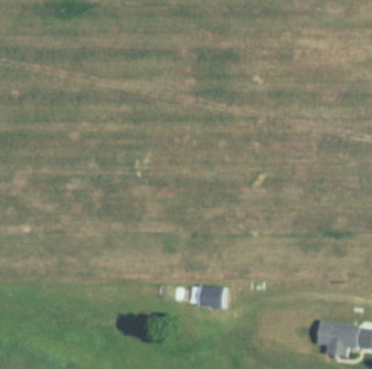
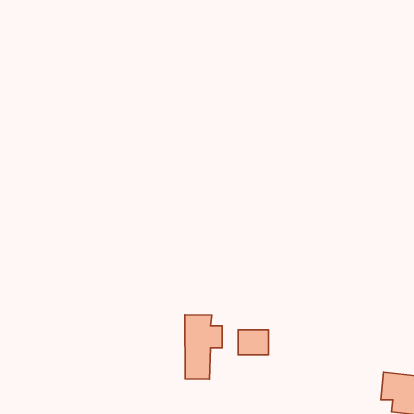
building: none -> [185,315,222,379]

